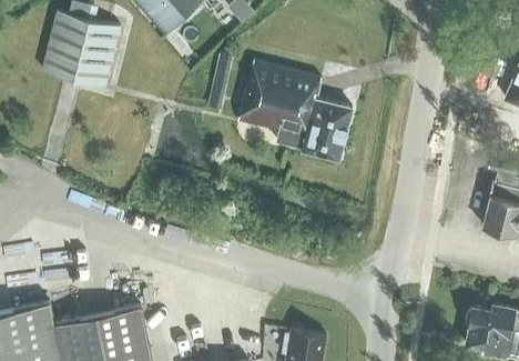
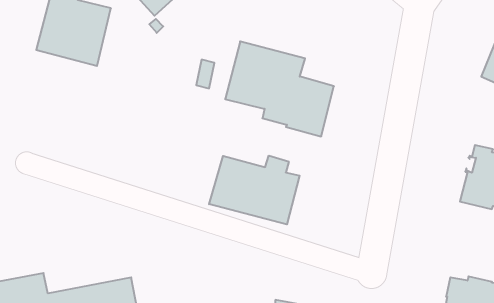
building: none -> [209,156,300,224]

